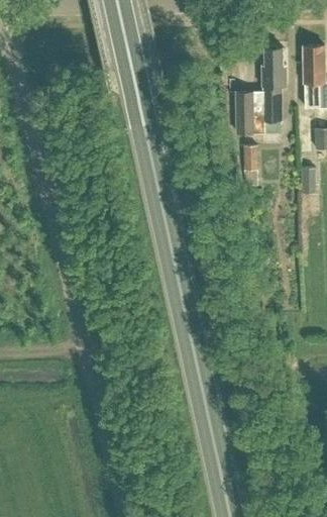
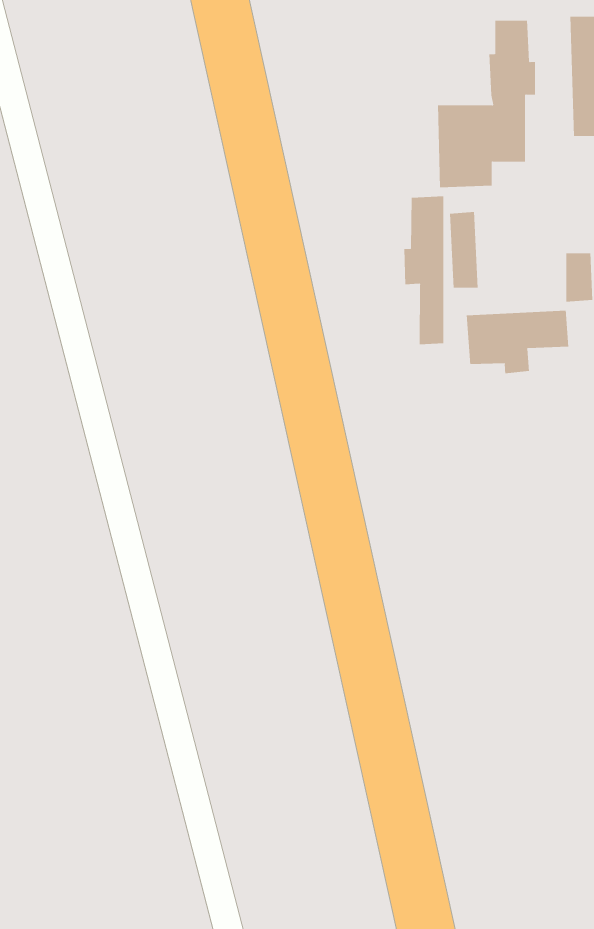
building: none -> [404,195,444,345]
building: none -> [466,310,569,374]

